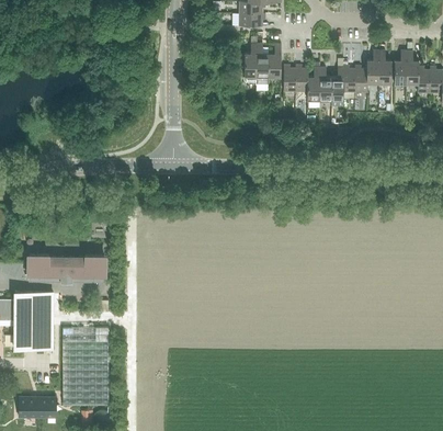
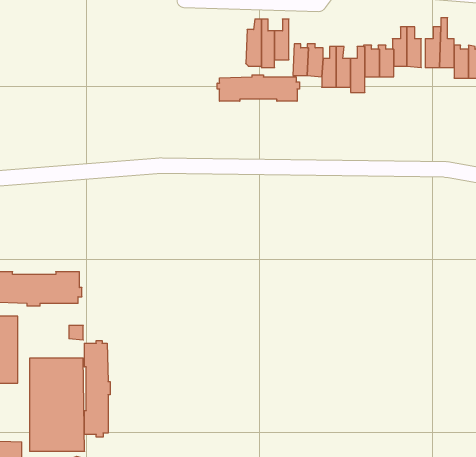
building: none -> [217,75,299,101]
building: none -> [84,341,110,437]

